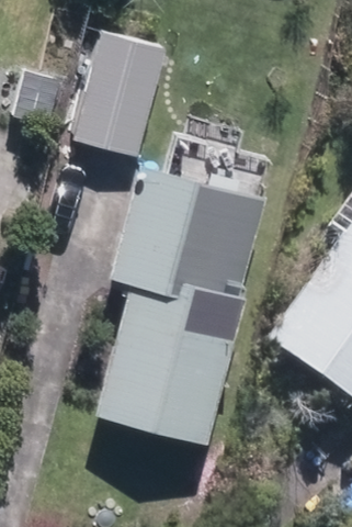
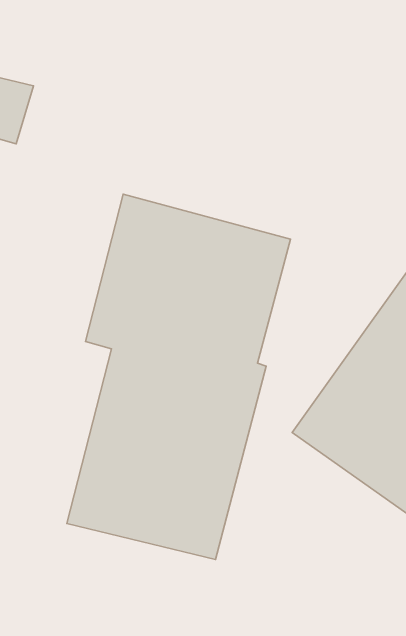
building: [69,32,159,156] -> none

